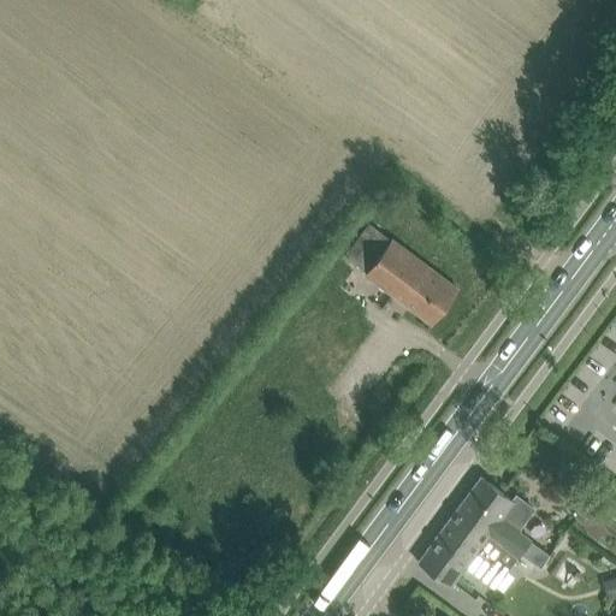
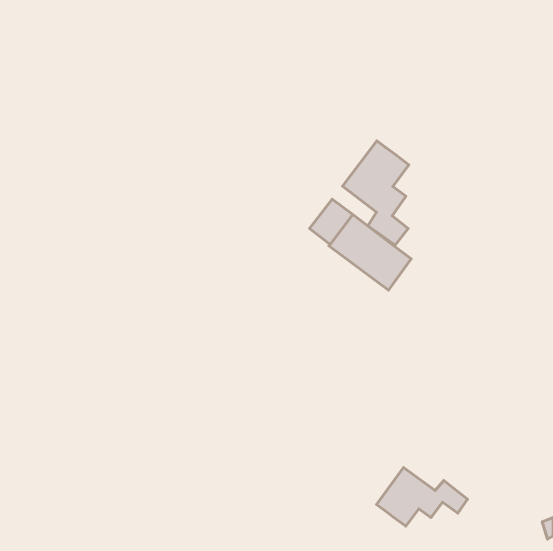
building: none -> [343,141,409,245]
building: [449,478,535,557] -> none

